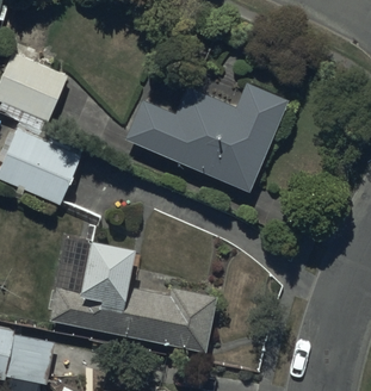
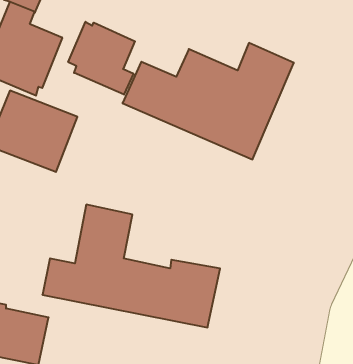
building: none -> [68,22,135,95]

